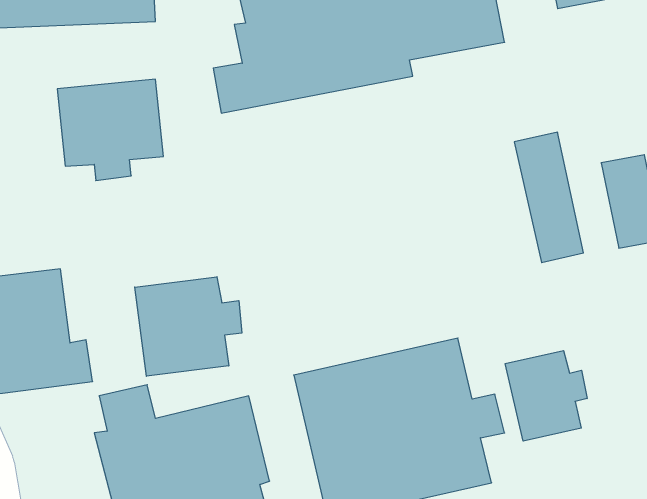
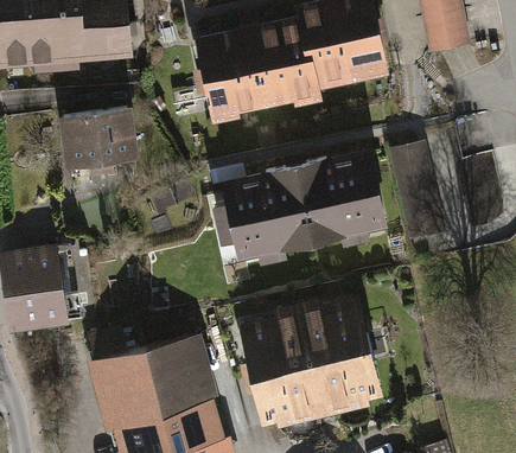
building: none -> [212,151,390,261]
building: [135,277,242,376] -> none
building: [505,351,587,441] -> none

